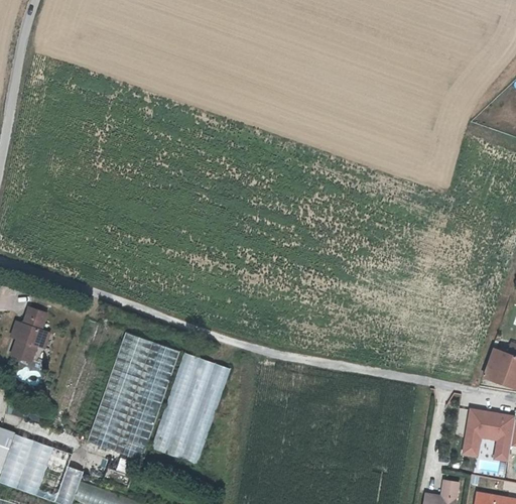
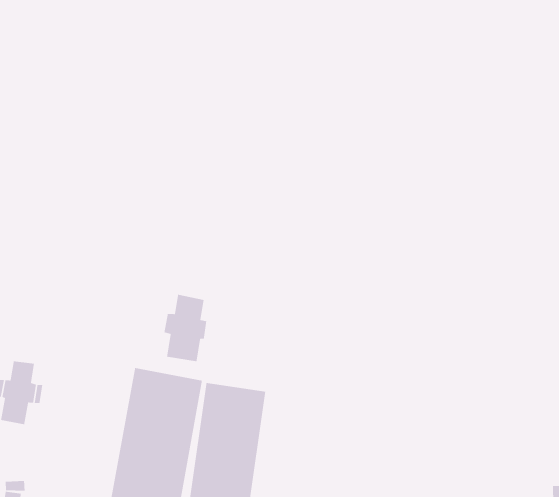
building: none -> [163,294,207,362]

